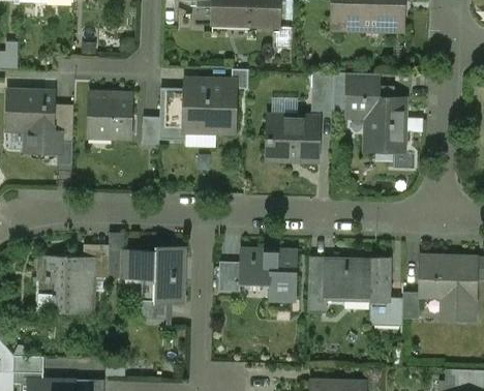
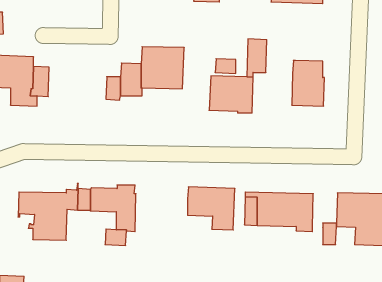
building: [346,72,376,113] -> none
building: [88,94,131,138] -> none
building: [219,264,240,292] -> none
building: [369,298,402,326] -> none

